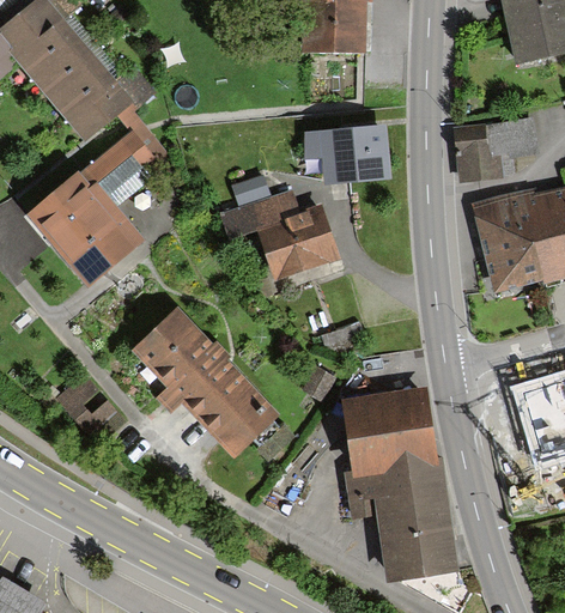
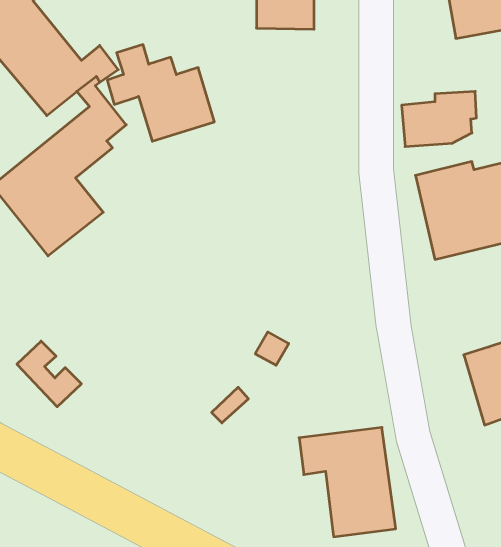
building: [303,122,394,183] -> none
building: [220,177,332,278] -> [107,45,214,141]
building: [132,306,281,459] -> none
building: [338,387,435,477] -> none

